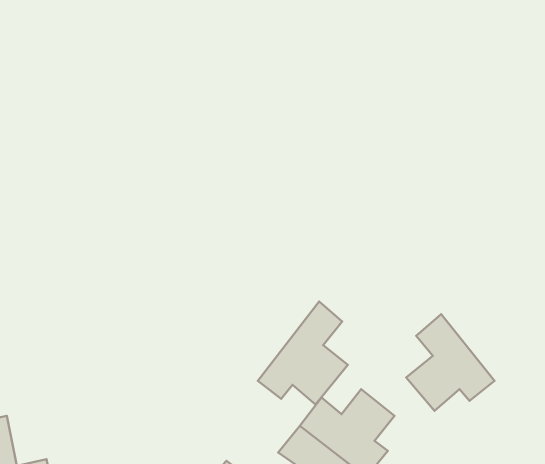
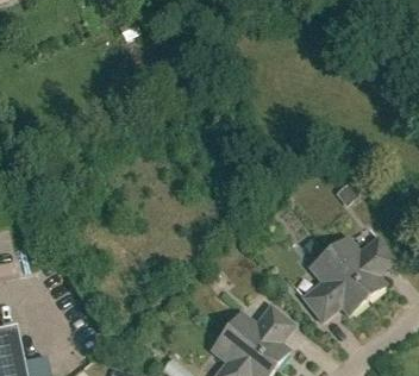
building: none -> [327,237,396,300]
building: [258,302,348,405] -> none

